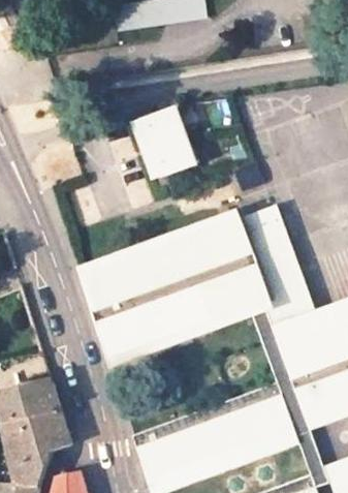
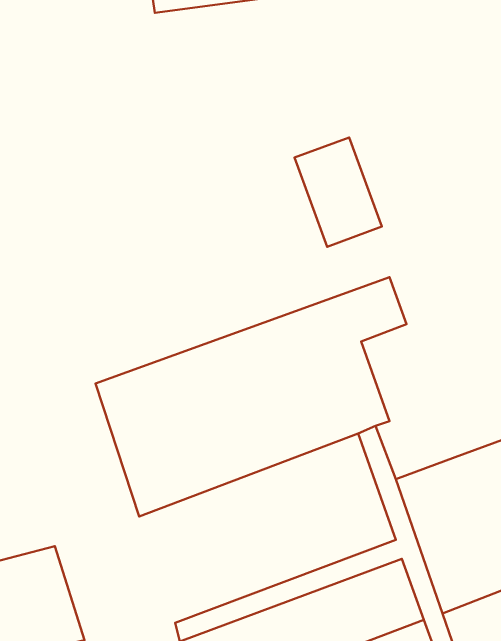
building: [140,104,198,177] -> [294,137,382,247]
building: [254,237,316,339] -> none

